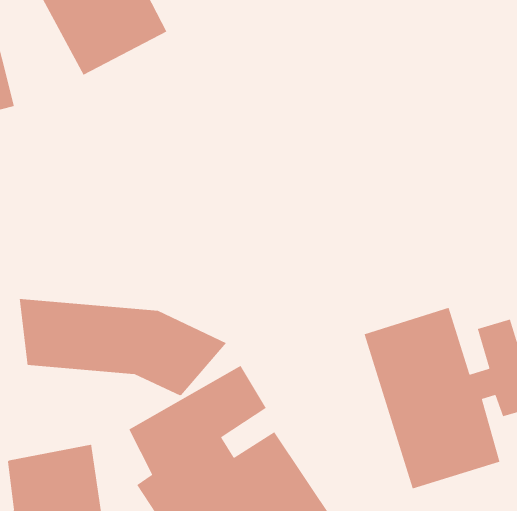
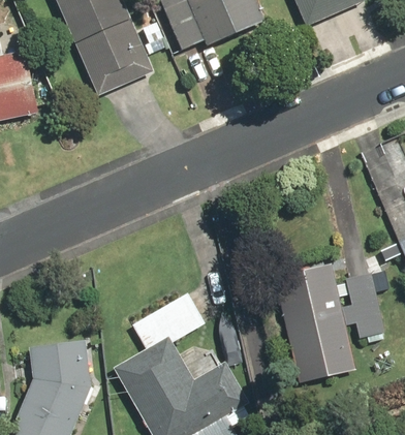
building: [19,298,227,396] -> none

